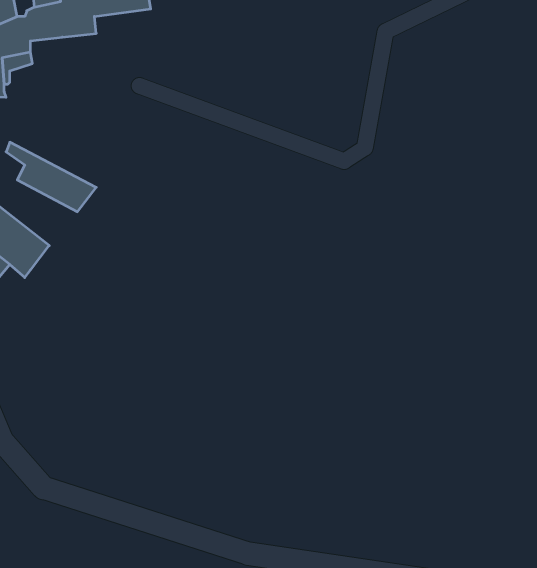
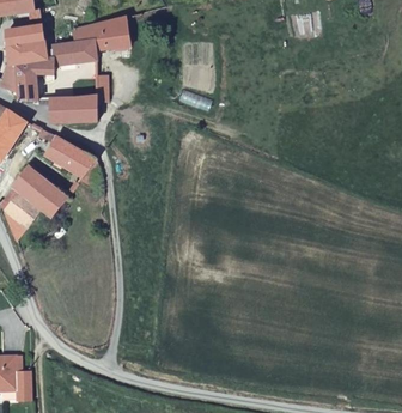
building: none -> [49,74,108,121]

